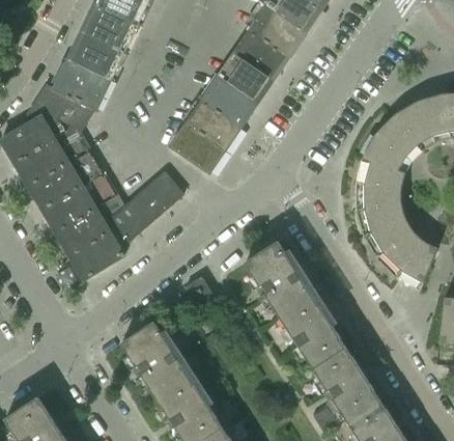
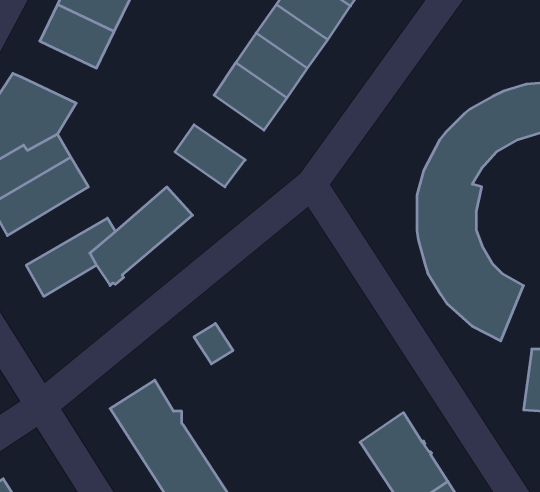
building: [53,60,110,109] -> none
building: [185,102,238,151] -> none
building: [41,172,118,232] -> none
building: [69,232,124,279] -> none
building: [244,241,345,368] -> none

